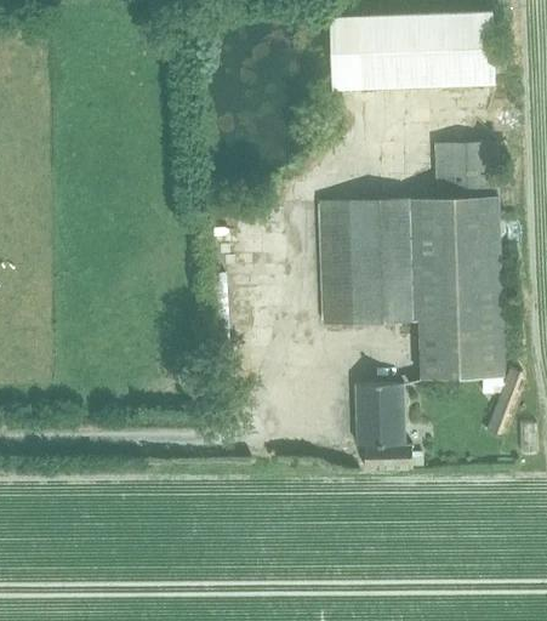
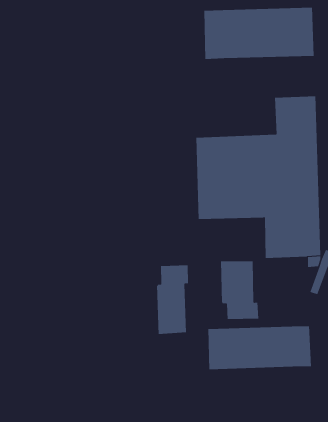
building: none -> [157,265,188,335]
building: none -> [208,325,311,370]

